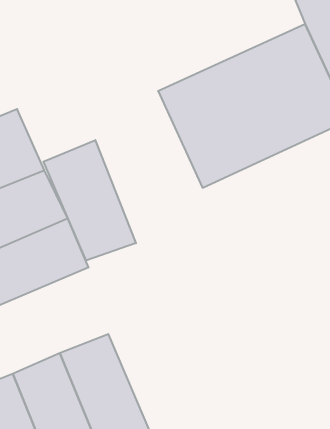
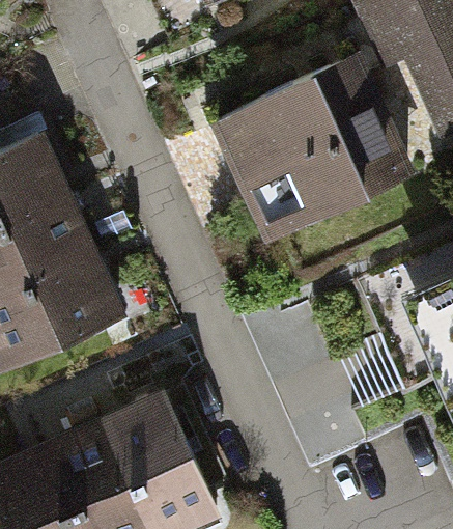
building: [43,140,136,261] -> none

